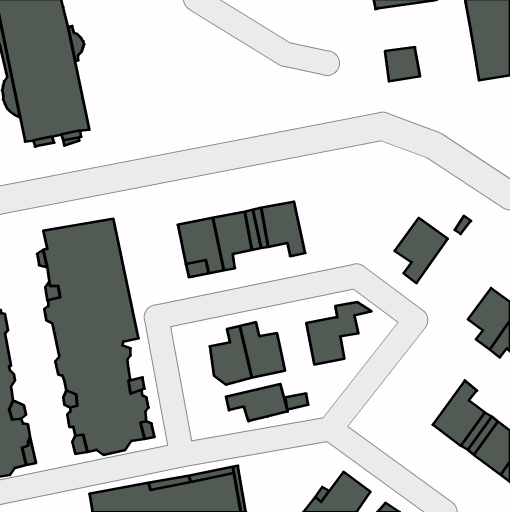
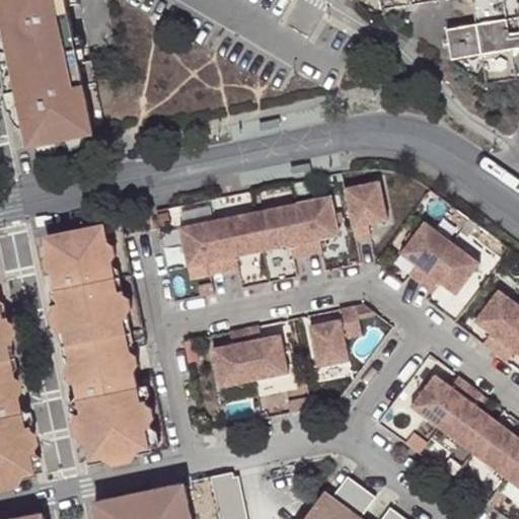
building: [385,47,420,81] -> [444,26,479,61]
building: none -> [344,180,388,240]
building: none -> [297,197,340,255]
building: none -> [421,241,478,293]
building: none -> [410,375,469,429]
building: [226,384,288,421] -> none

